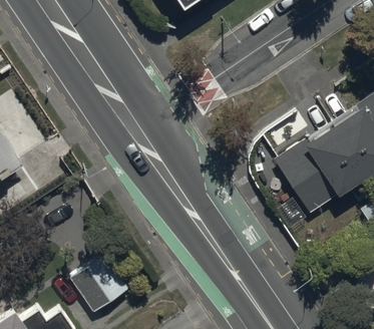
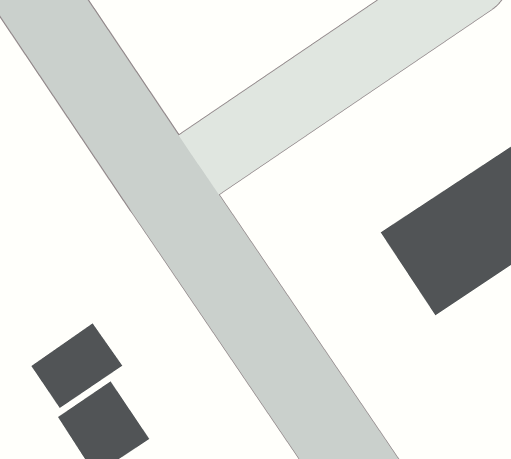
building: none -> [30,322,124,409]

